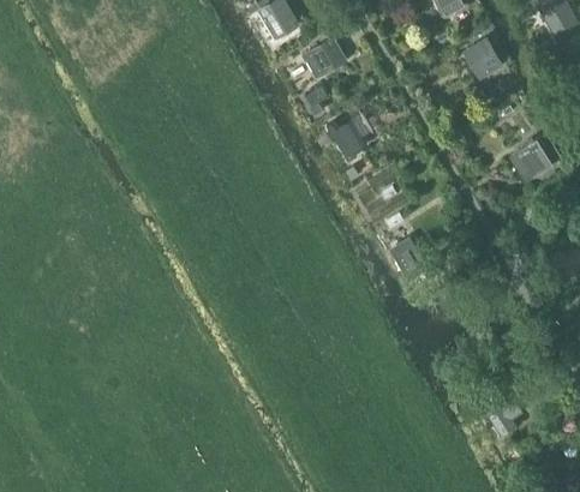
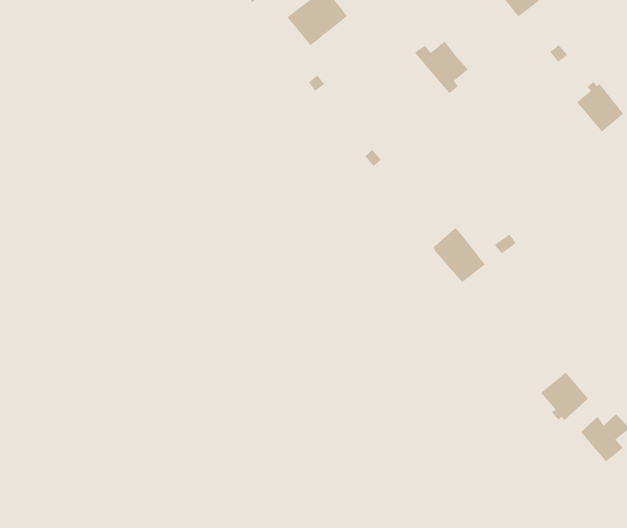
building: [325,119,366,161] -> [414,41,469,94]
building: none -> [540,371,589,421]

